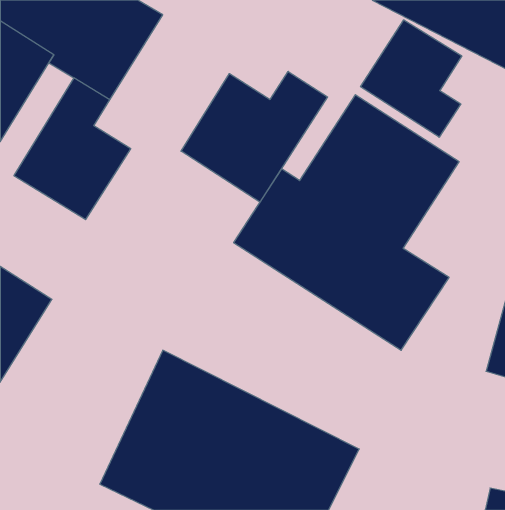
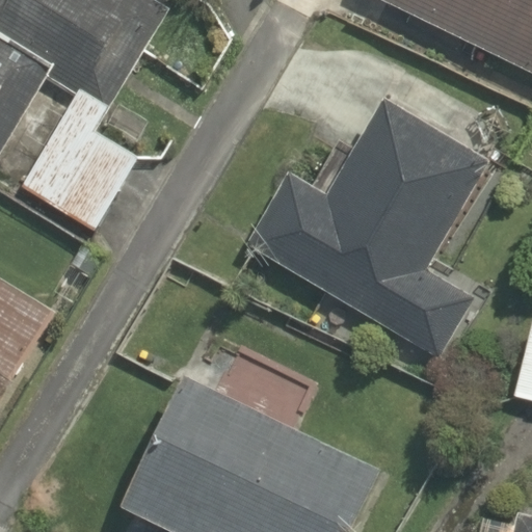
building: [361,20,462,137] -> none
building: [181,71,328,202] -> none

